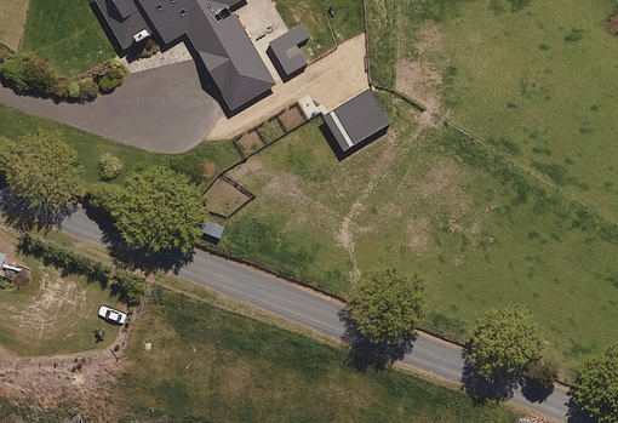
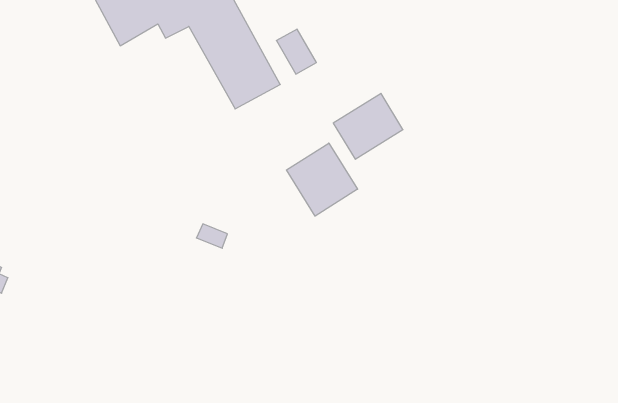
building: none -> [286,143,358,216]

